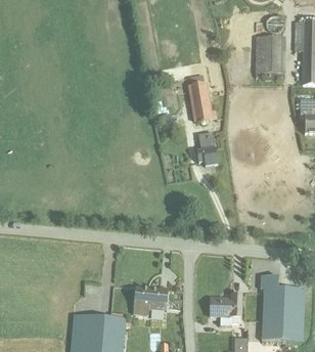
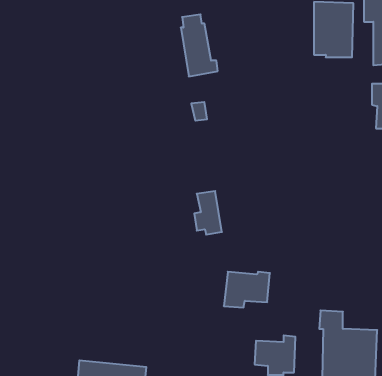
building: [188,74,217,122] -> [181,14,218,76]
building: [196,131,218,165] -> [194,191,222,235]
building: [133,287,169,314] -> [224,272,270,307]

